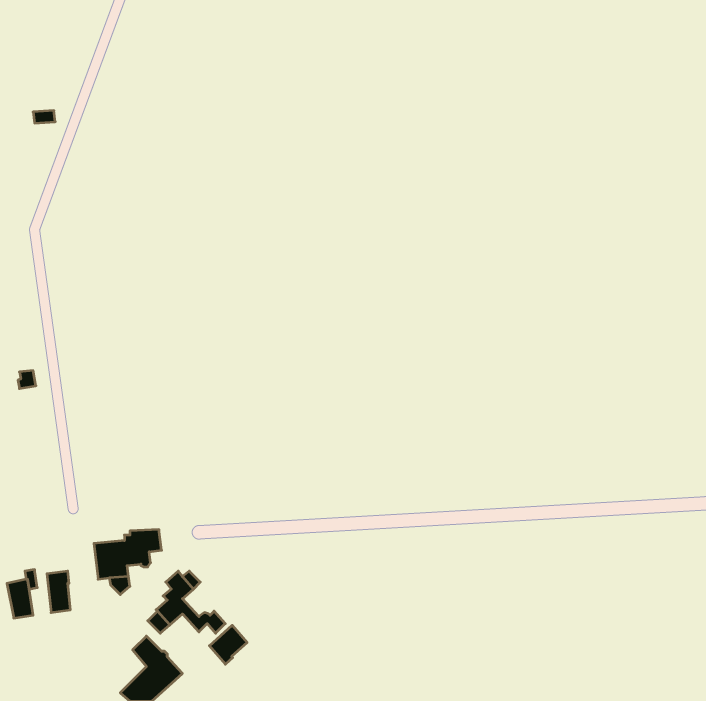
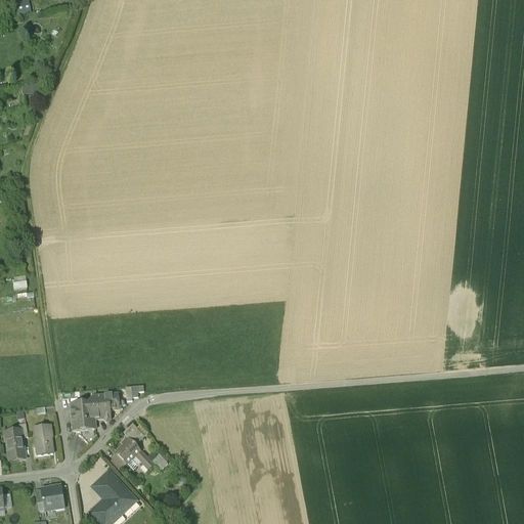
building: [209,625,247,664] -> none
building: none -> [41,484,64,508]

